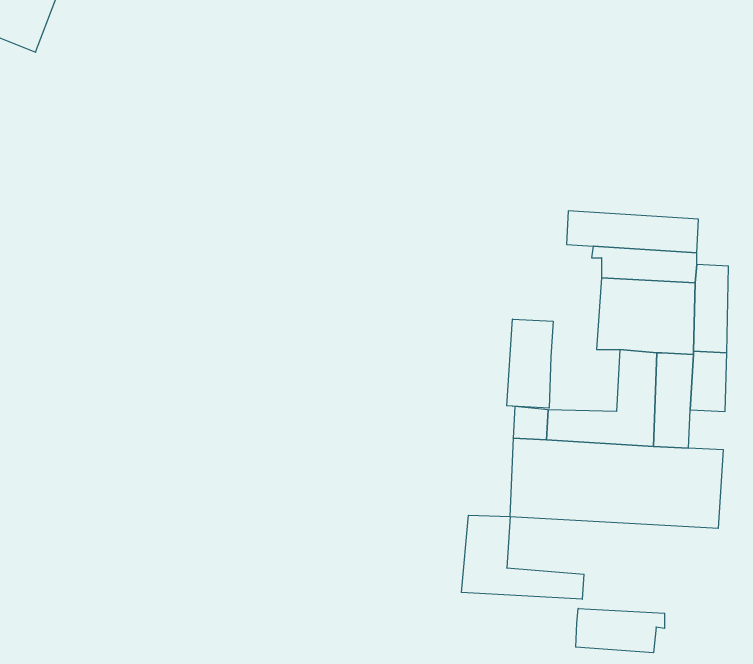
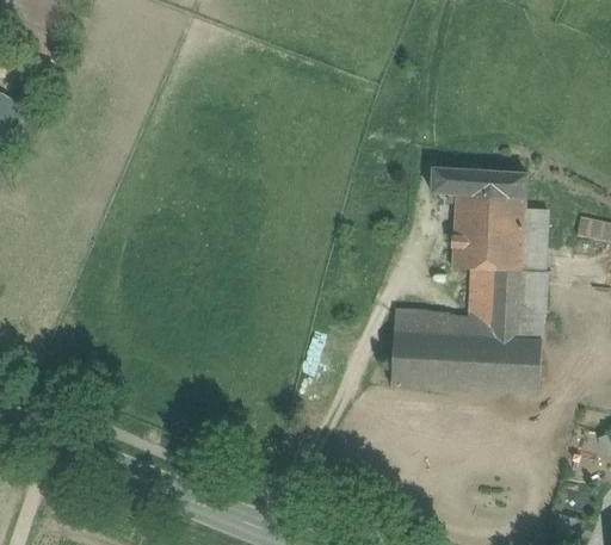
building: [507,319,553,408] -> none
building: none -> [517,309,543,337]
building: [461,515,584,599] -> none
building: [576,608,665,653] -> none

